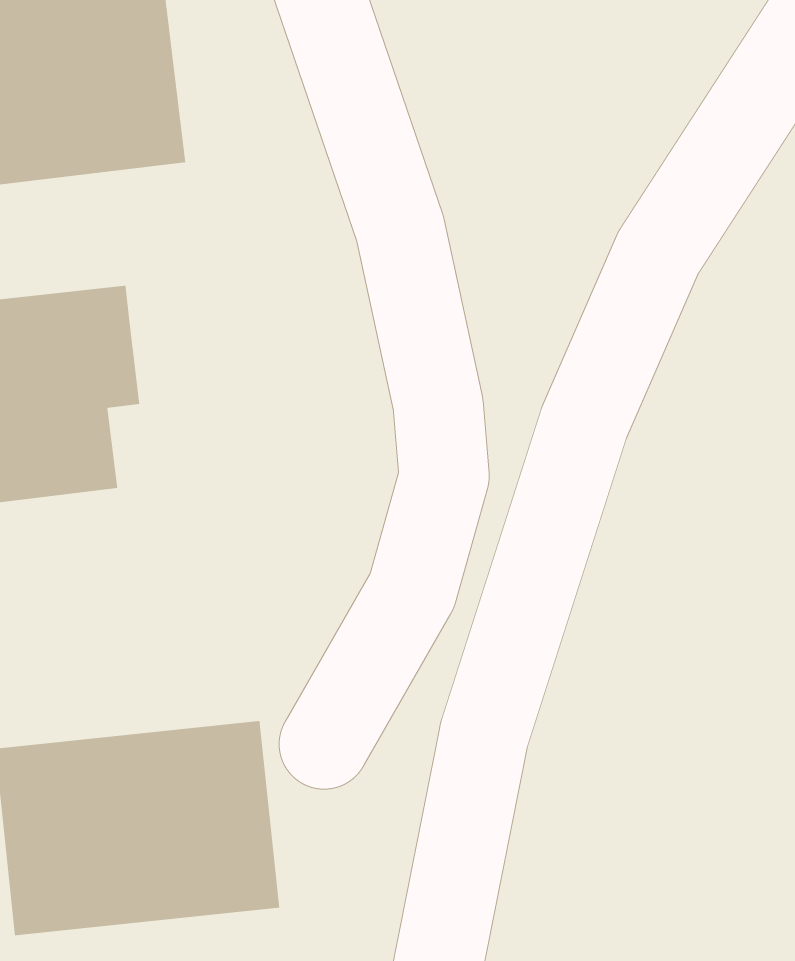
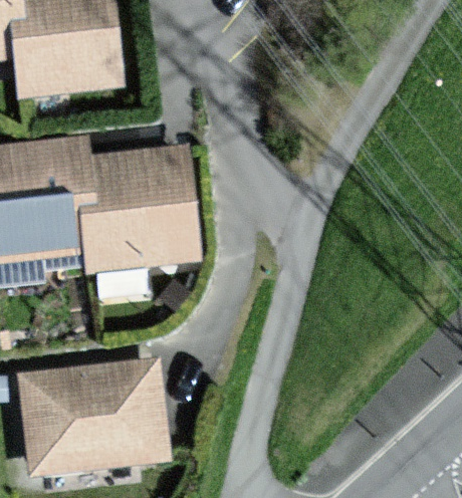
building: none -> [82,152,199,270]

